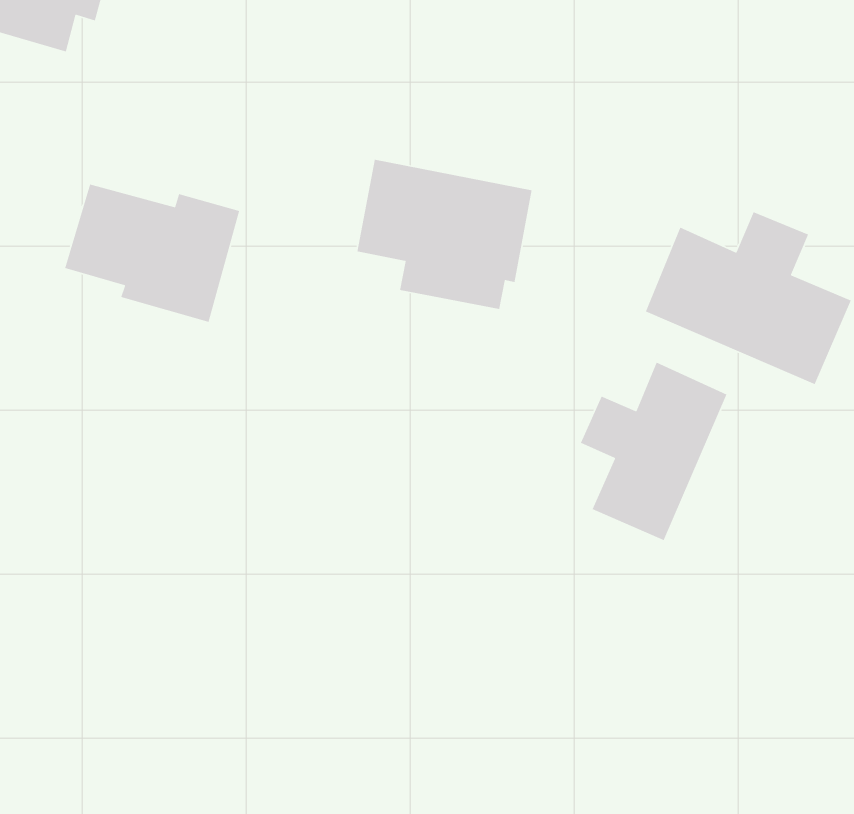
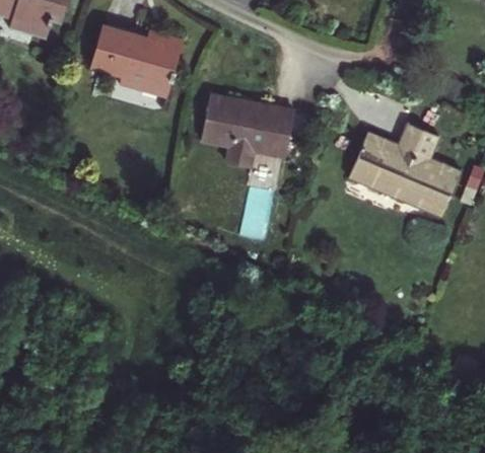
building: [64,183,240,323] -> [90,24,183,97]
building: [580,362,728,541] -> none

